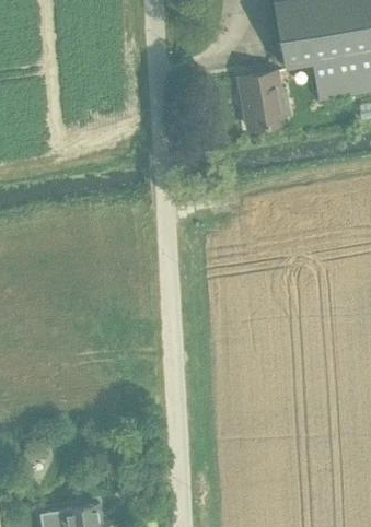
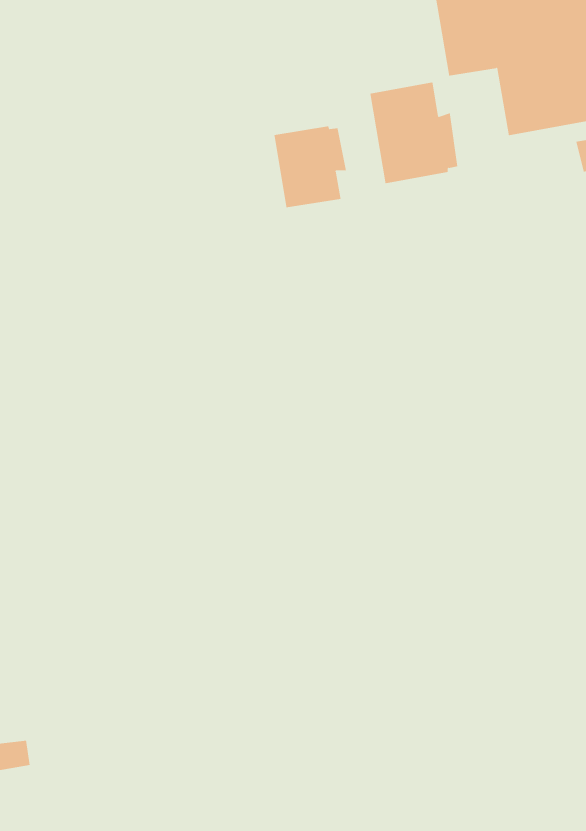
building: none -> [274,126,347,208]

